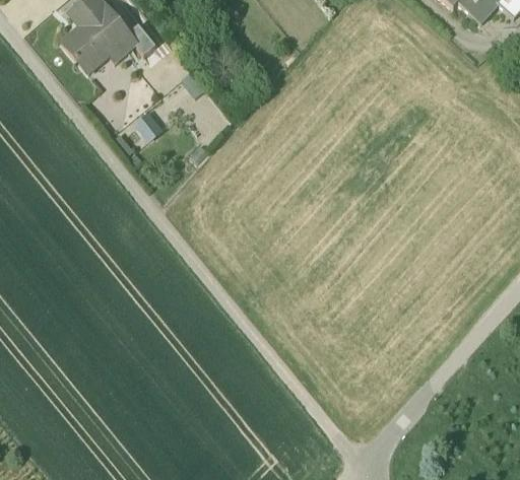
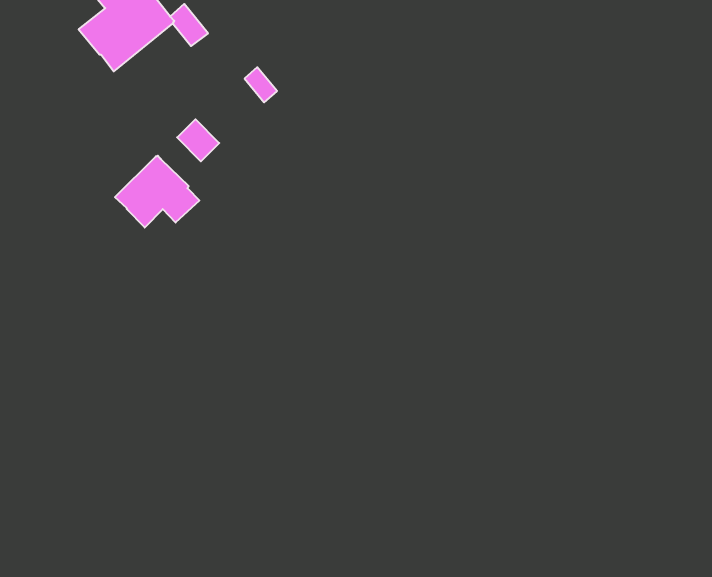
building: none -> [115,156,199,228]

